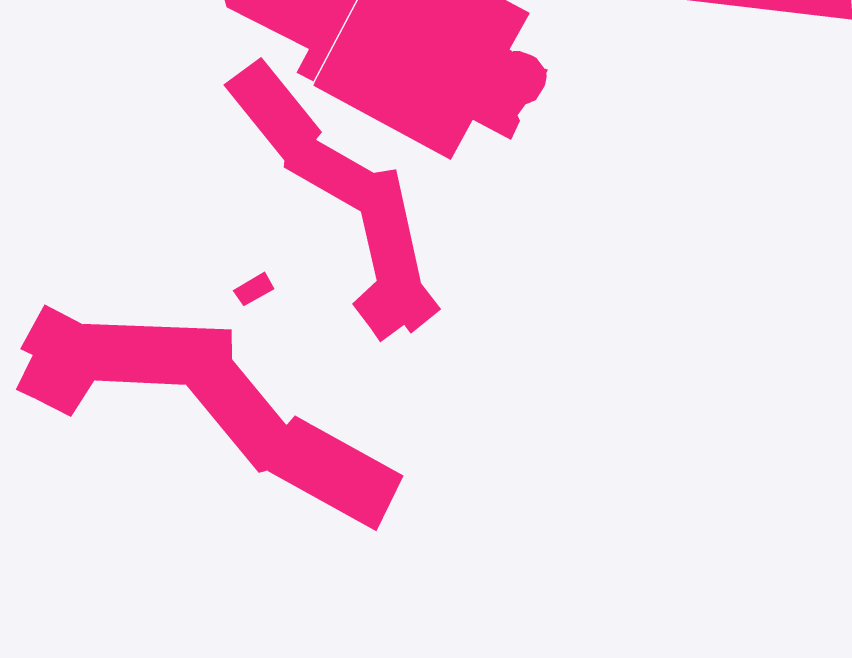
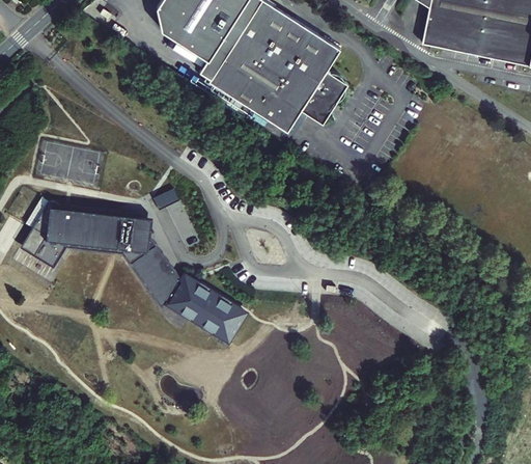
building: [222,56,442,343] -> none

